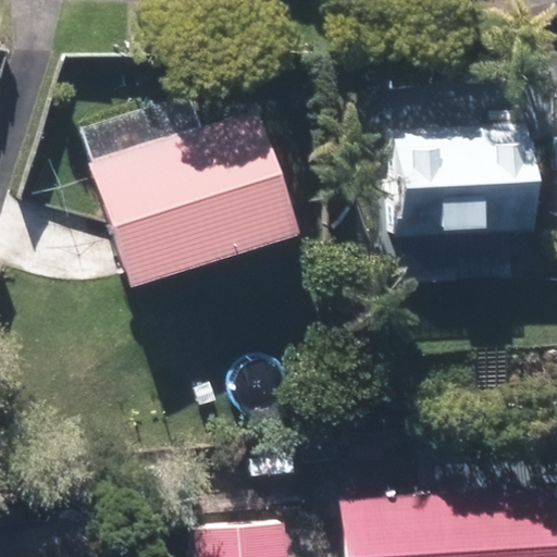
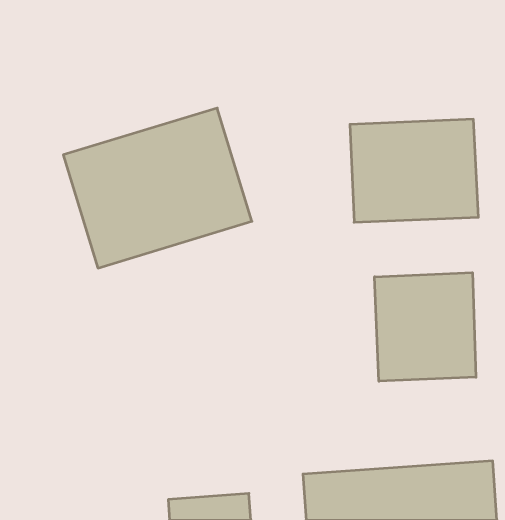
building: none -> [375,273,476,381]

